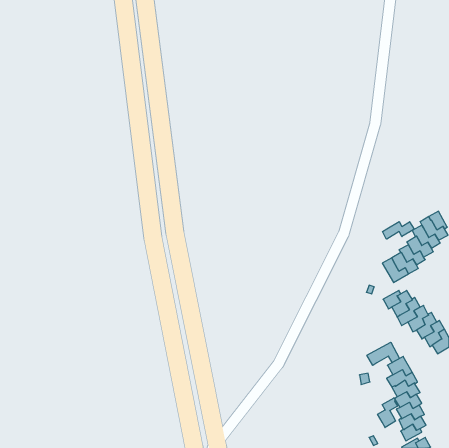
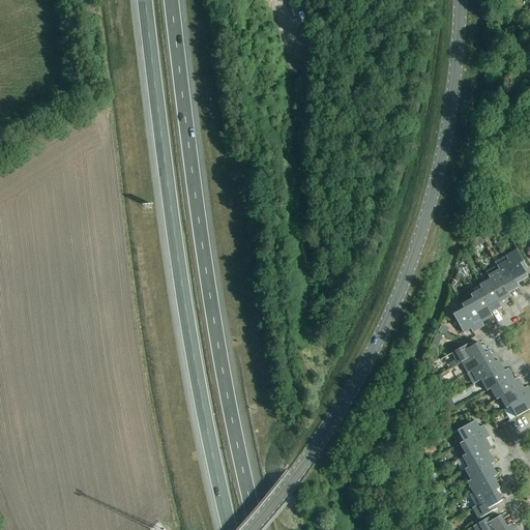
building: [383,222,414,239] -> none
building: [367,342,400,365] -> none
building: [378,398,397,428] -> none

